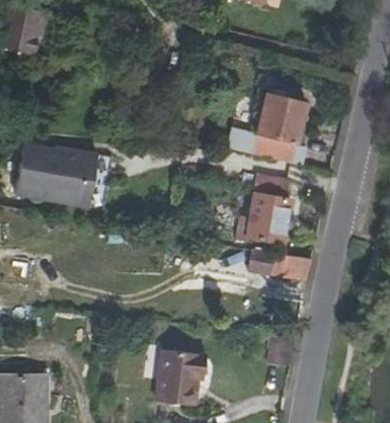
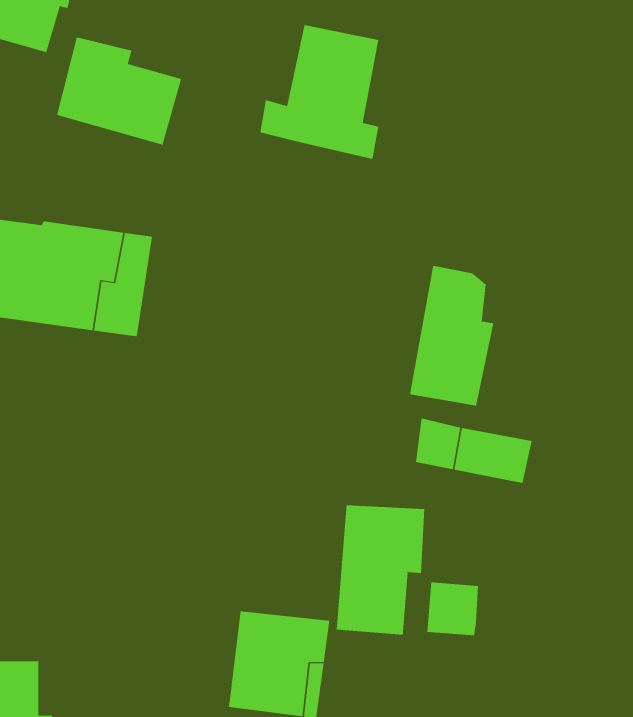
building: none -> [56,36,182,146]
building: [238,94,301,165] -> [260,24,379,159]
building: none -> [336,505,425,635]

